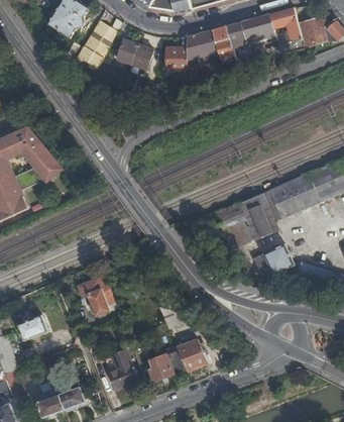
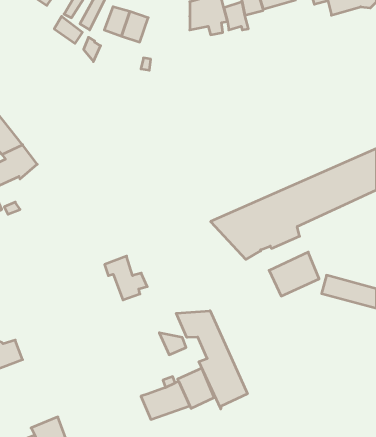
building: [165,47,187,69] -> none
building: [81,279,116,315] -> [105,256,147,300]
building: none -> [176,311,247,409]
building: [104,350,138,391] -> none

